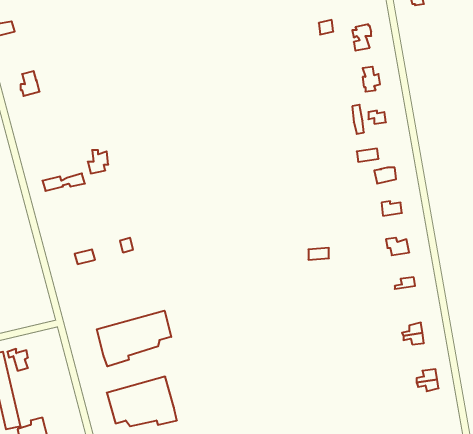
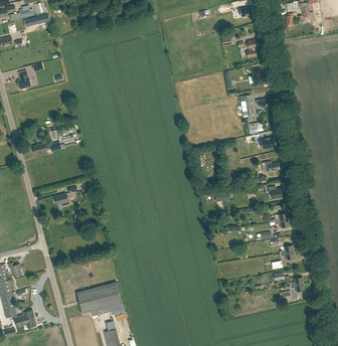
building: [97,311,171,366] -> none

